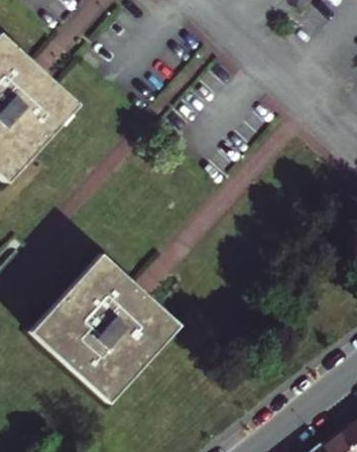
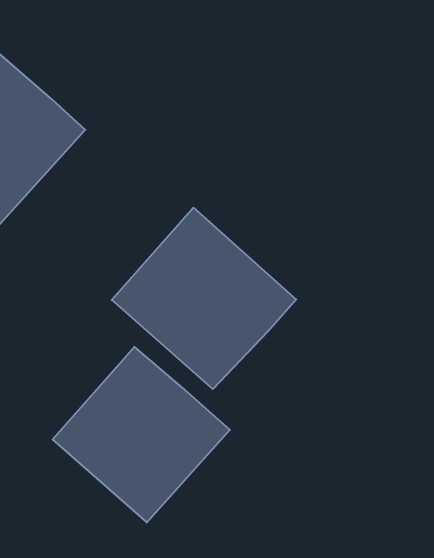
building: none -> [112,208,296,389]

